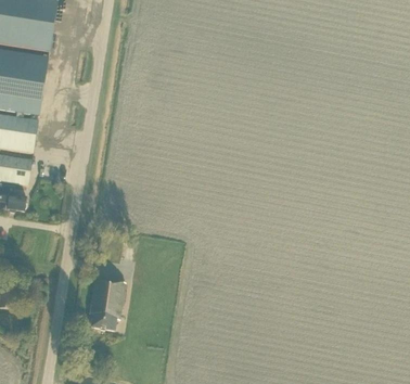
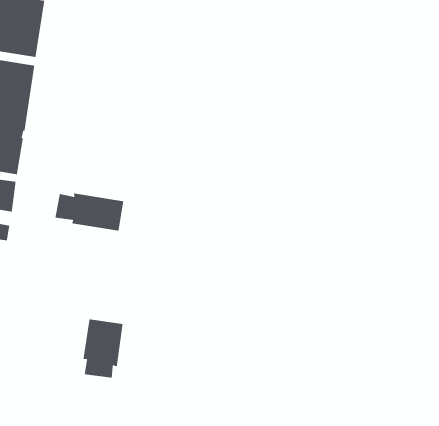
building: none -> [55,193,124,231]

